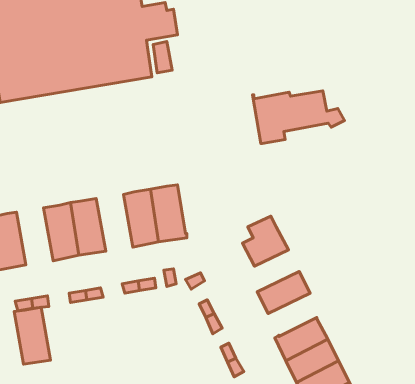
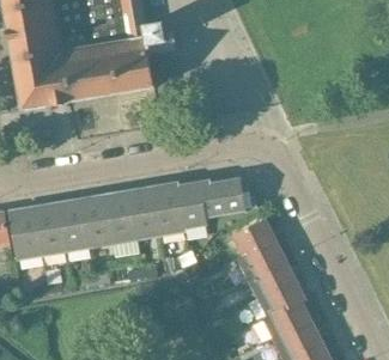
building: [253,91,345,144] -> [177,179,259,226]
building: none -> [105,191,138,242]
building: none -> [238,240,285,277]
building: none -> [257,279,305,317]
building: [14,307,51,364] -> [35,203,67,254]

